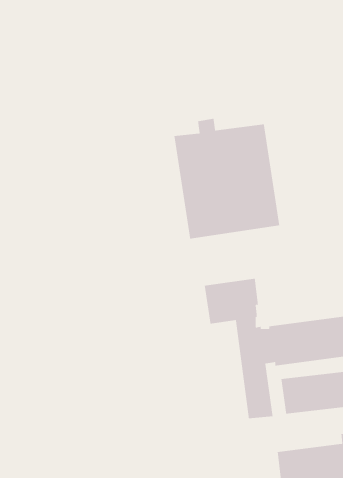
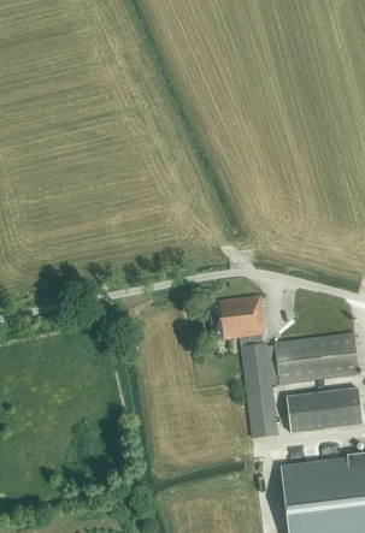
building: [174,118,280,240] -> none

